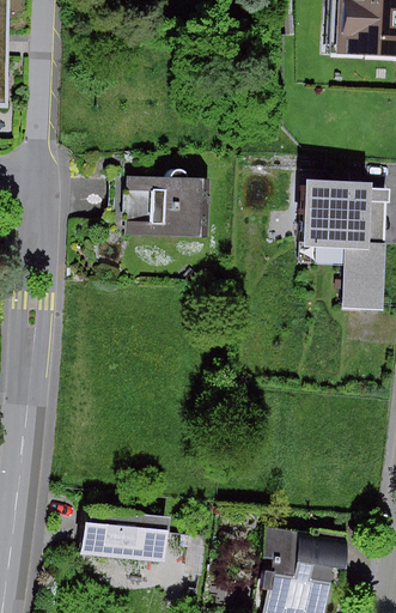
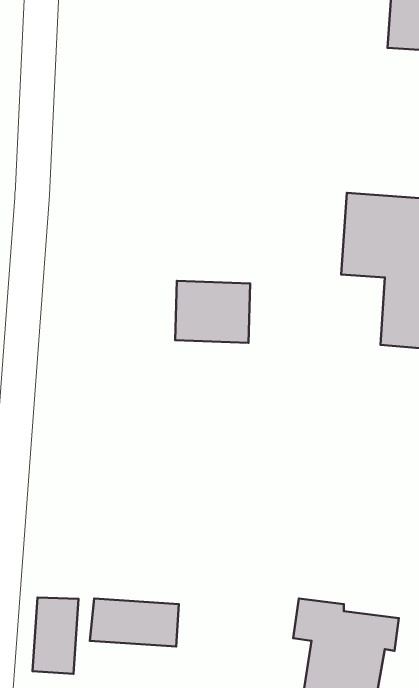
building: [140,178,203,231] -> [175,281,250,343]
building: none -> [33,597,79,674]

